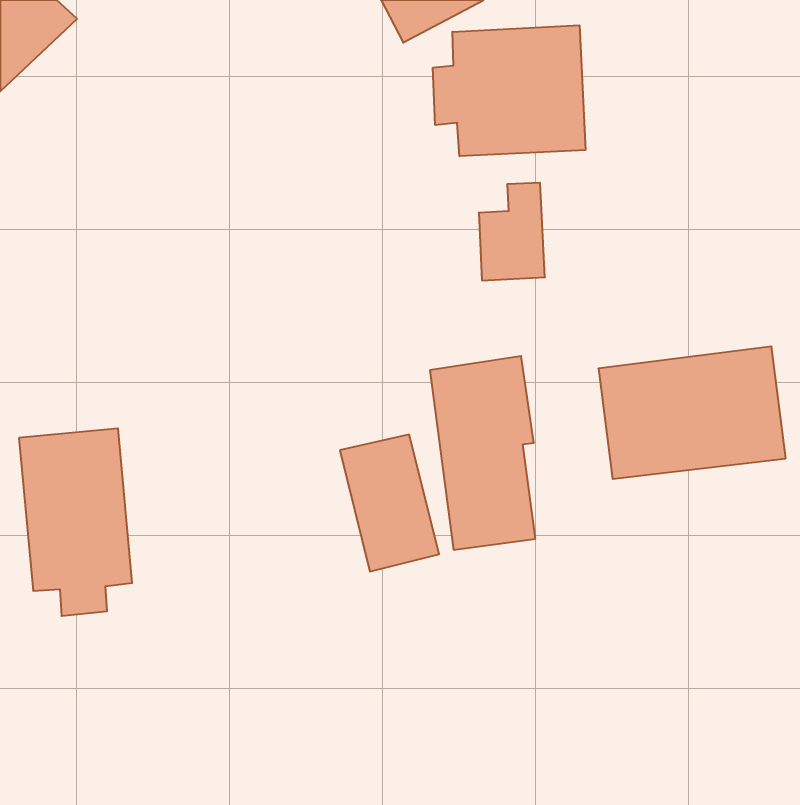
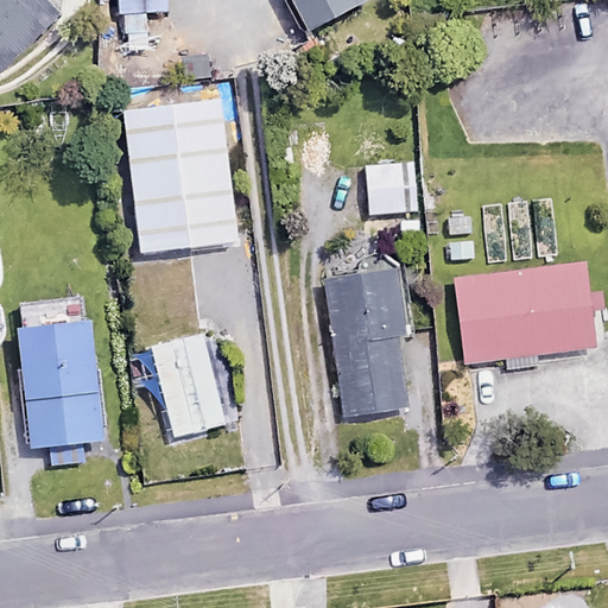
building: [433,25,585,156] -> none
building: none -> [124,97,238,252]
building: [340,435,439,572] -> [151,332,226,436]

